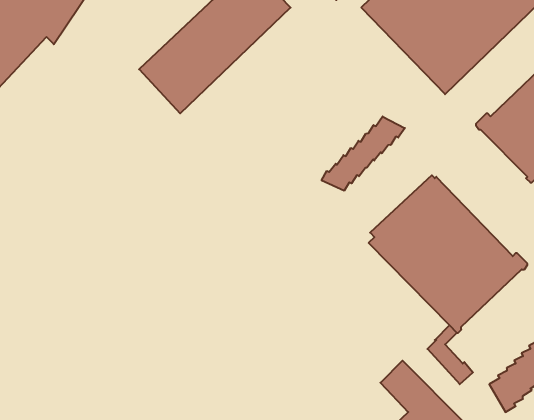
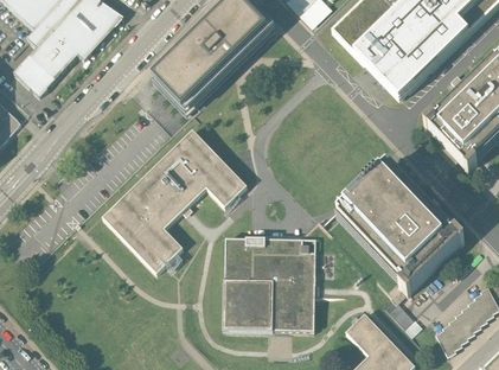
building: [322,116,405,191] -> none
building: none -> [103,129,248,273]
building: none -> [224,238,315,331]

